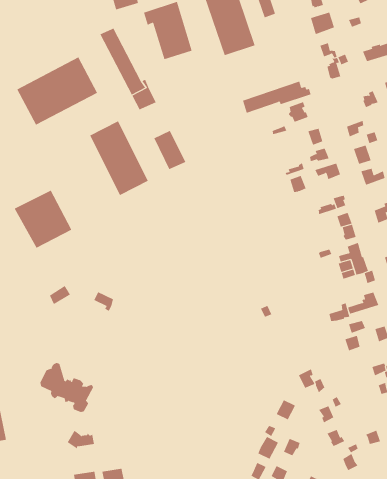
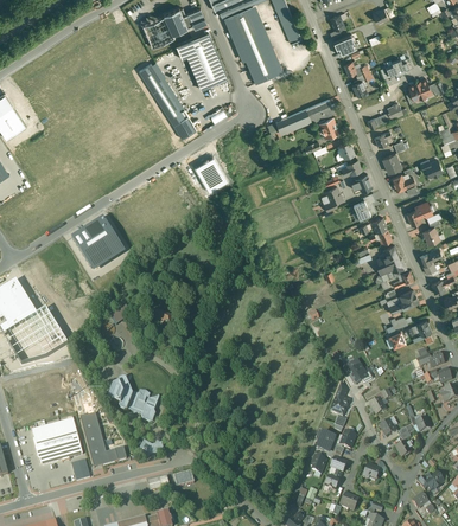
building: [16,57,98,125] -> none
building: [90,121,148,196] -> none
building: none -> [78,412,126,463]

